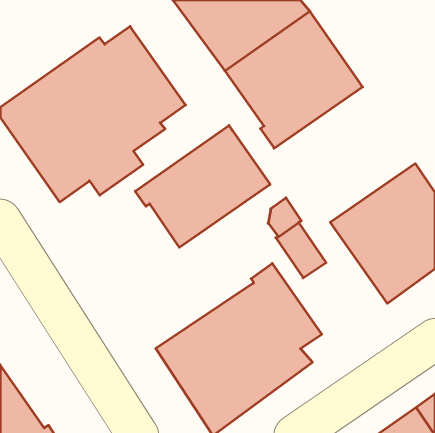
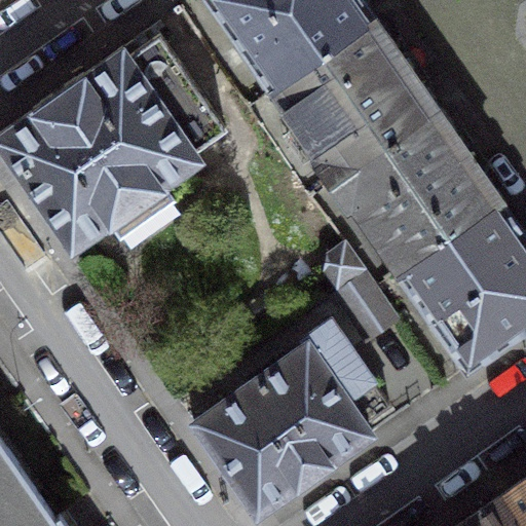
building: none -> [331,108,501,271]
building: [135,125,270,247] -> none

